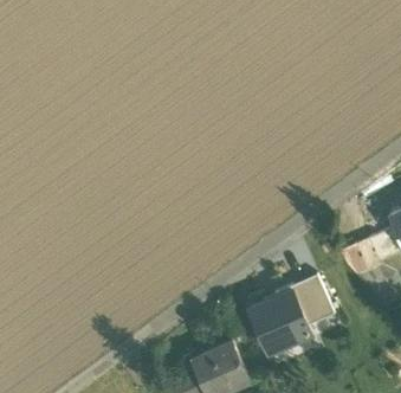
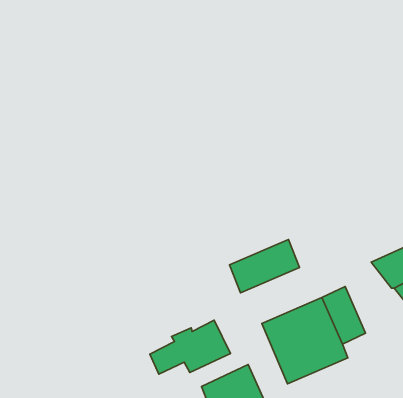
building: none -> [230,240,299,293]
building: none -> [150,320,231,374]

